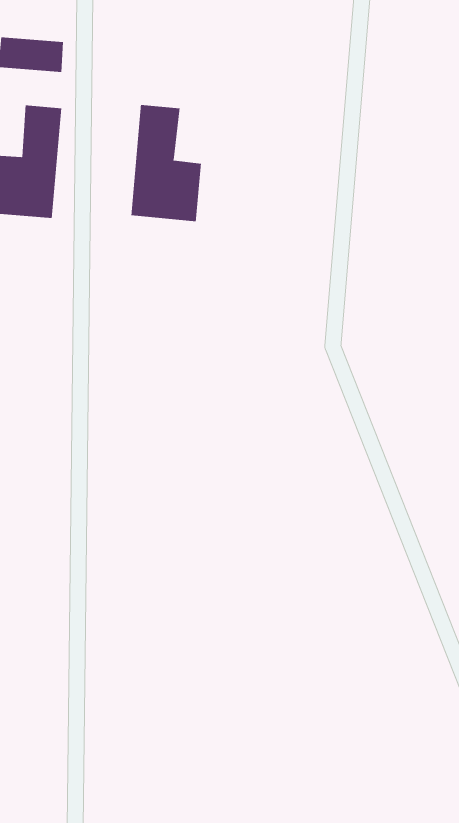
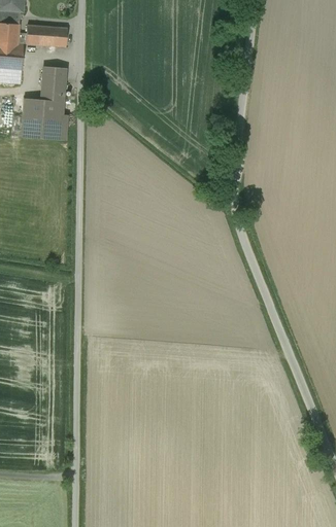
building: [131,104,202,222] -> none

